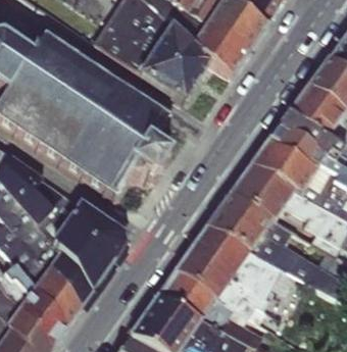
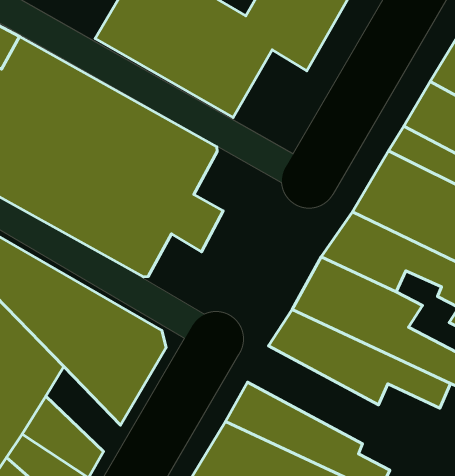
building: [176,248,281,328] -> none
building: [44,251,91,308] -> none

